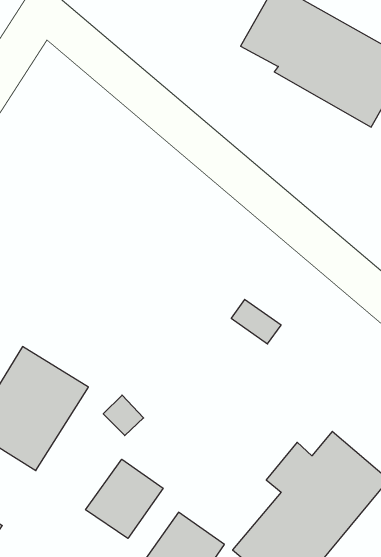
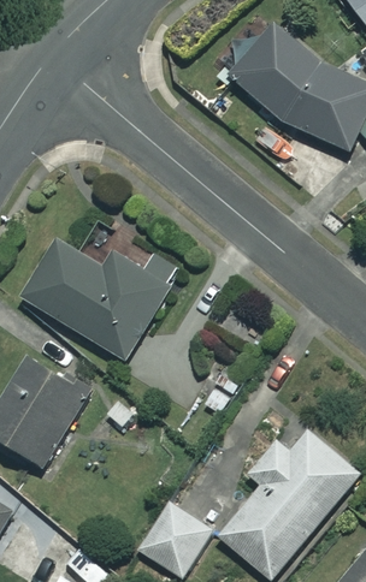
building: none -> [25,238,181,358]
building: [86,459,163,538] -> none

